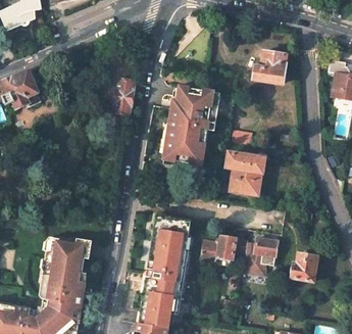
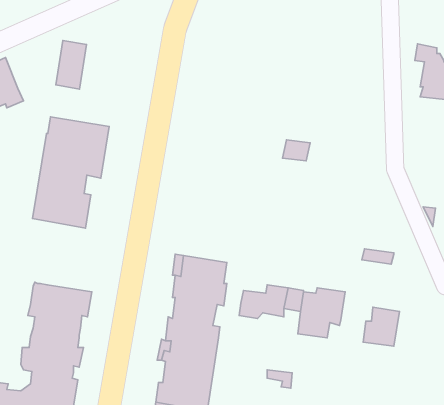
building: [254,51,287,83] -> none
building: [113,79,136,114] -> [56,40,86,89]
building: [164,86,220,168] -> [33,117,109,228]
building: [227,152,264,194] -> none

